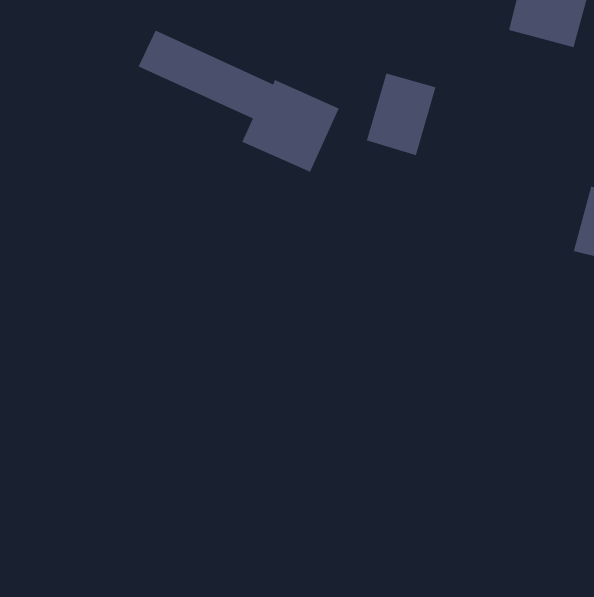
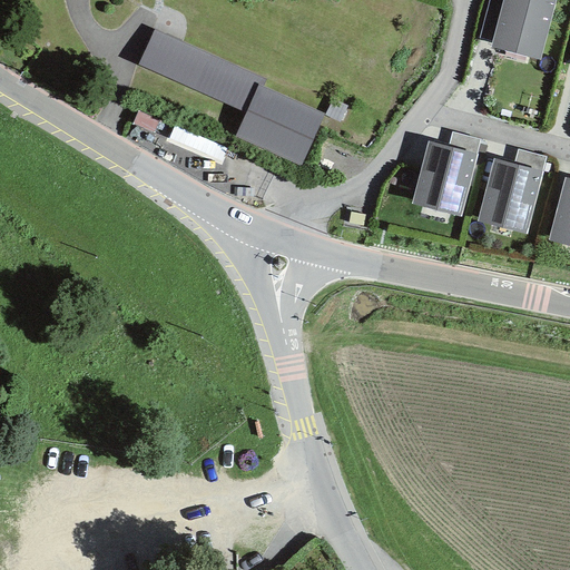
building: [366,73,436,156] -> [411,139,478,218]
building: none -> [476,158,543,235]

